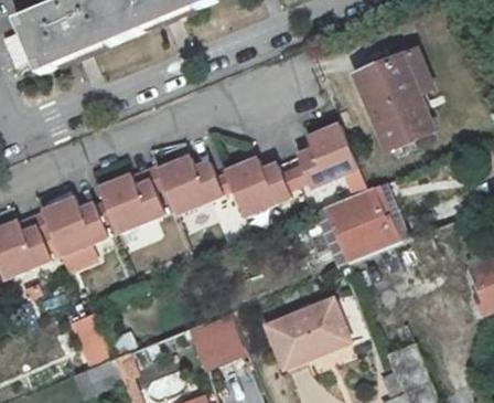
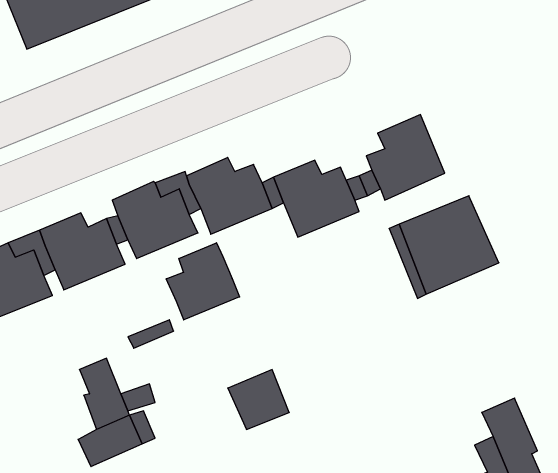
building: [353,46,431,147] -> none
building: none -> [166,243,240,320]
building: [267,297,347,371] -> none

